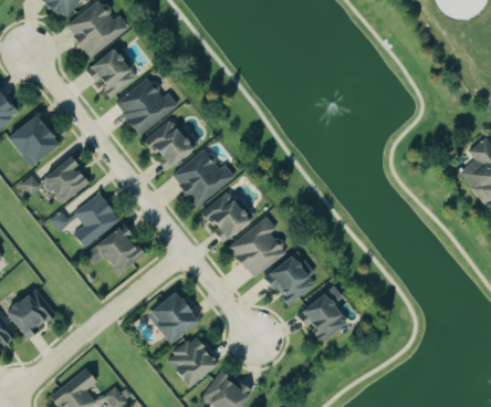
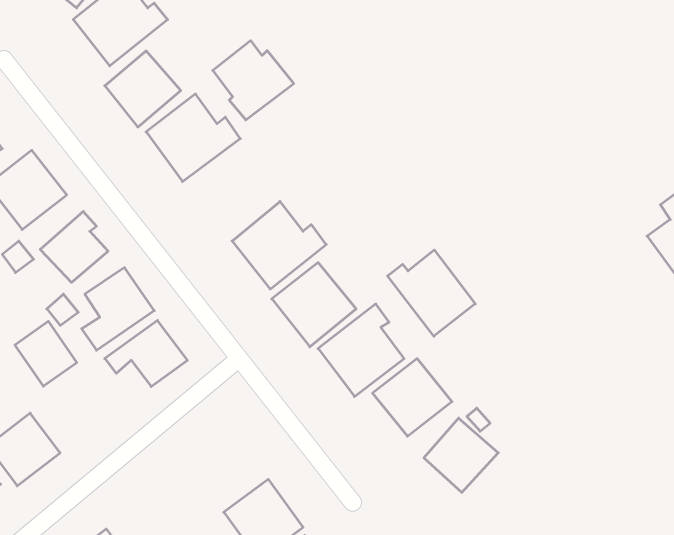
building: [144,119,198,173] -> [213,41,294,120]
building: none -> [388,250,475,336]
building: none -> [15,321,77,386]
building: [149,292,200,344] -> none

